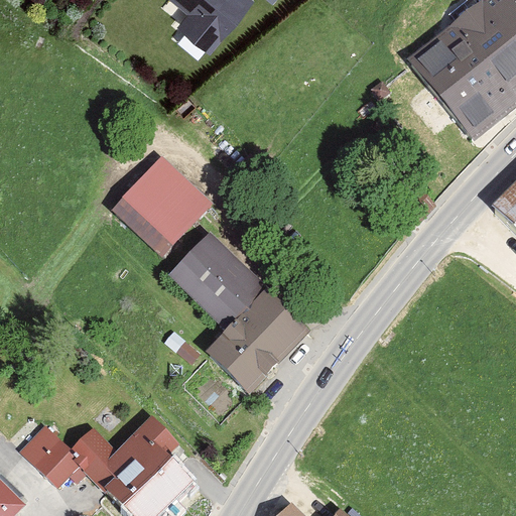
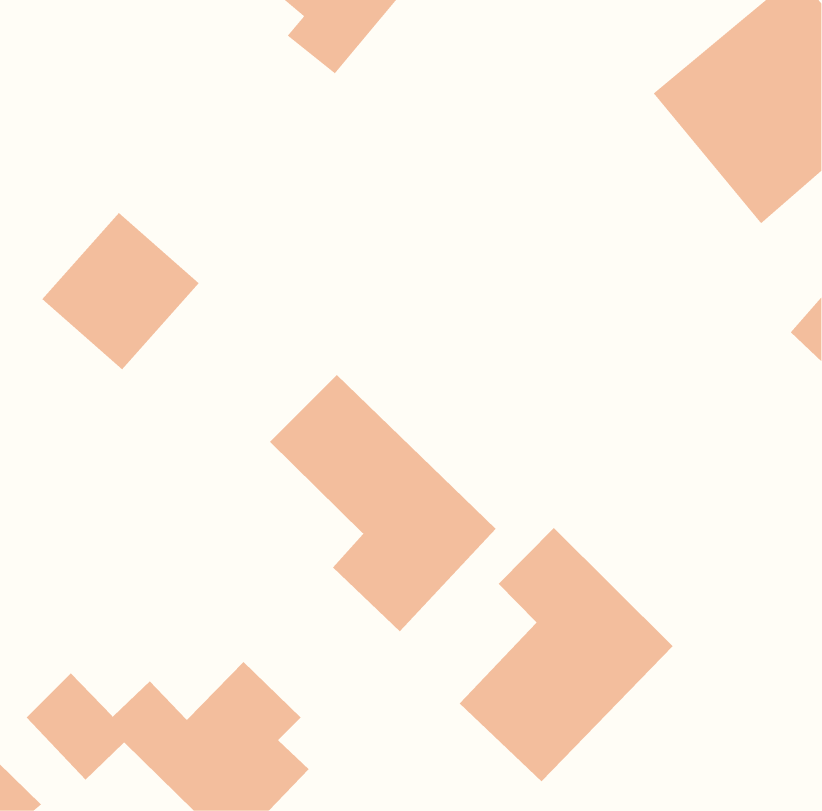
building: [112,156,211,255] -> [41,212,199,370]
building: none -> [459,527,674,782]

